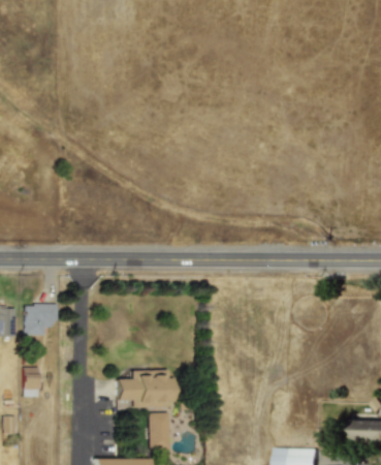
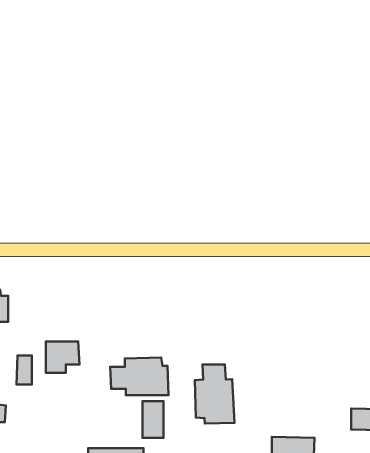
building: [24,304,57,335] -> [46,342,79,373]
building: none -> [195,364,235,423]

